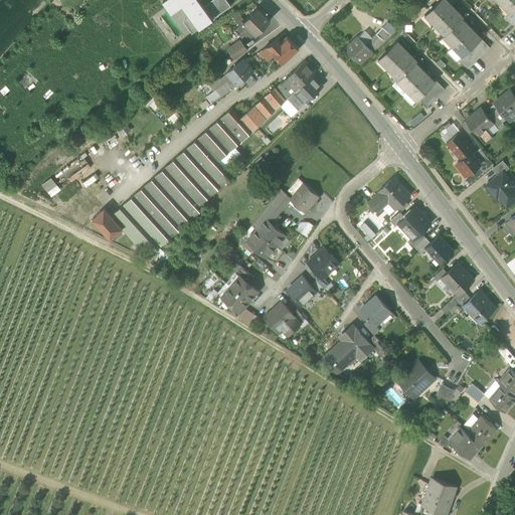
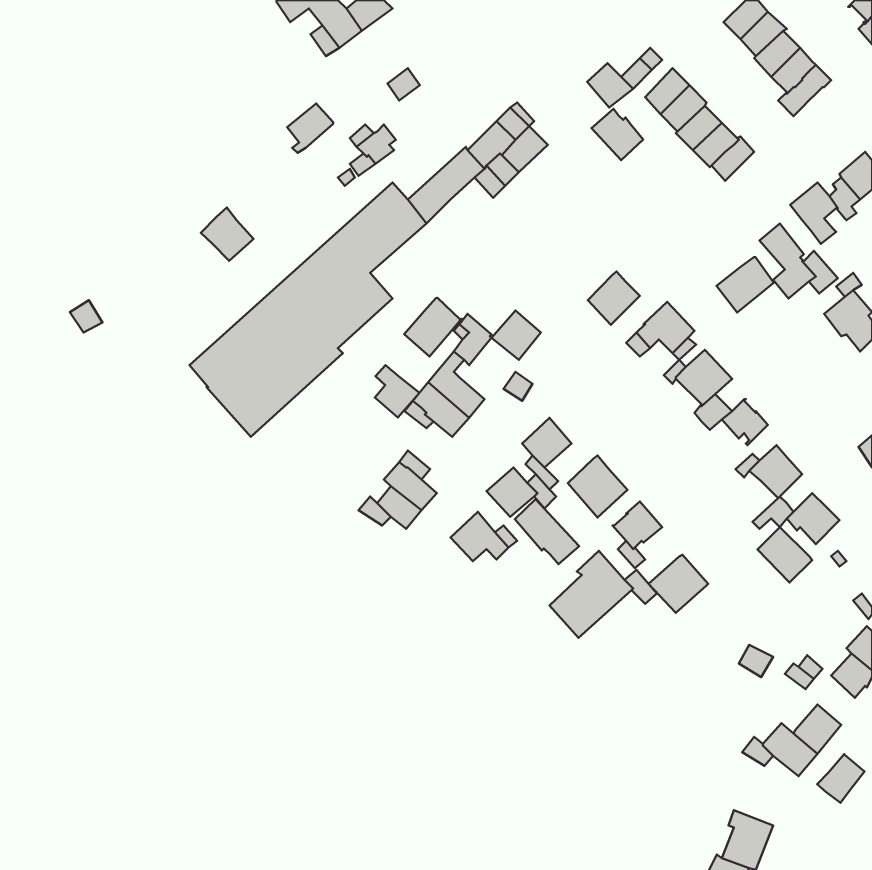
building: [235,8,271,37] -> none
building: [263,37,299,63] -> none
building: [226,60,253,90] -> [287,103,333,153]
building: none -> [592,109,643,160]
building: none -> [201,208,253,261]
building: none -> [717,257,775,312]
building: none -> [588,271,640,325]
building: none -> [404,298,462,357]
building: [93,209,123,239] -> none
building: none -> [375,365,420,418]
building: none -> [568,455,627,518]
building: none -> [515,499,579,564]
building: none -> [758,527,812,583]
building: [399,361,435,395] -> [648,555,708,613]
building: none -> [817,754,865,803]

